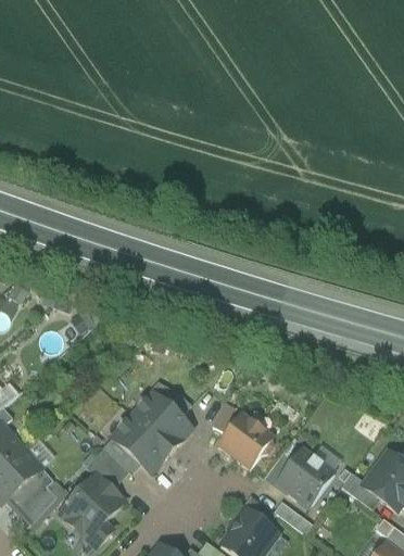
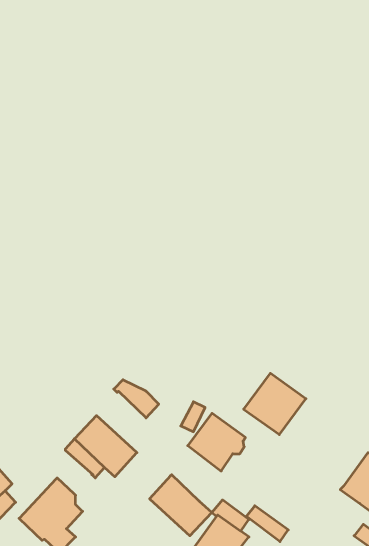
building: [131,393,190,451] -> [150,475,212,536]
building: [85,448,127,490] -> none
building: [275,448,333,506] -> [244,373,306,435]
building: [340,472,379,509] -> none

